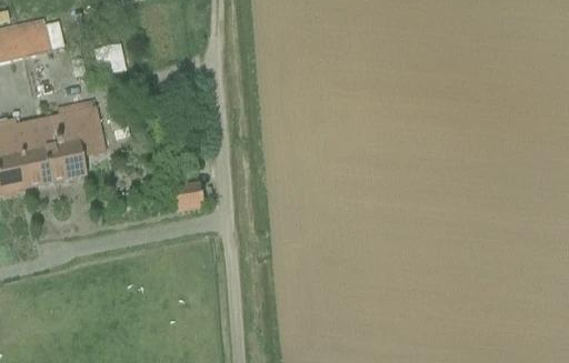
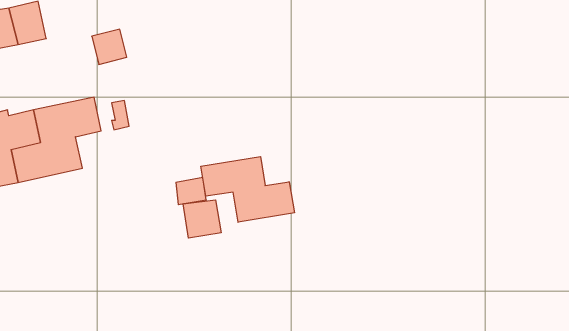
building: none -> [201,157,294,222]
building: none -> [183,200,221,238]

